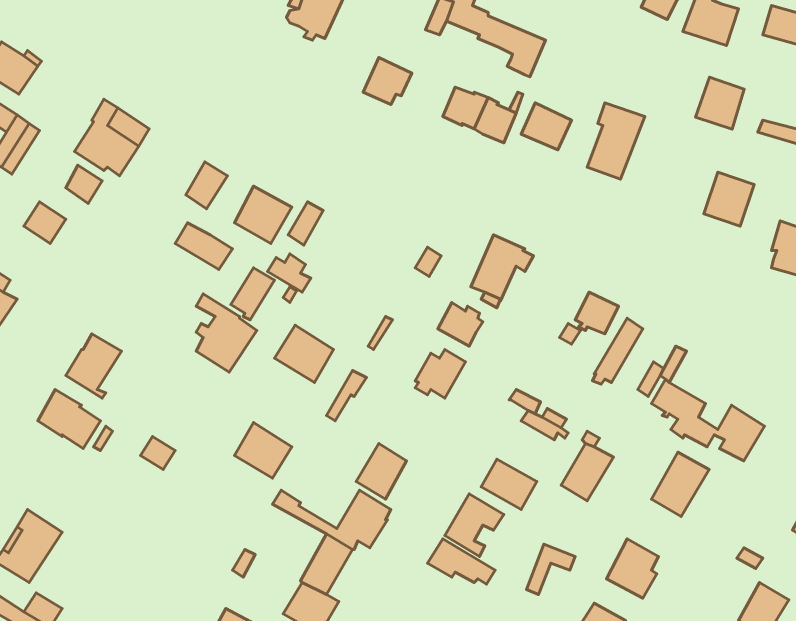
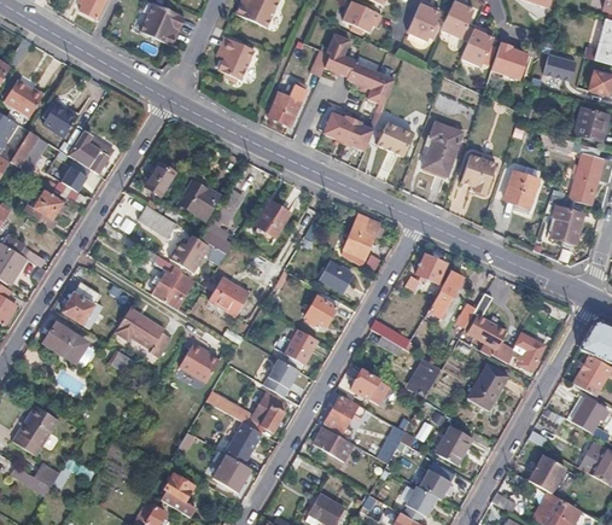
building: none -> [41,103,77,138]
building: [696,77,744,129] -> [461,154,495,191]
building: none -> [256,203,288,238]
building: none -> [113,308,170,358]
building: none -> [285,329,317,363]

